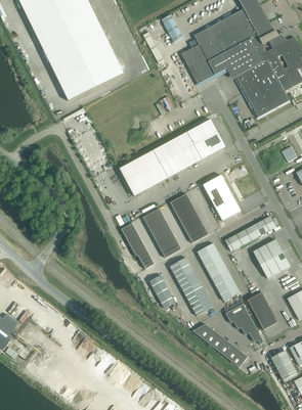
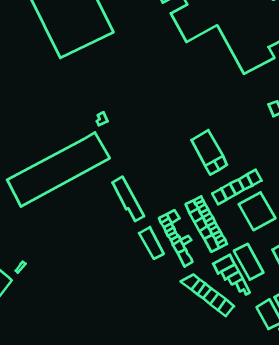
building: [120,119,226,195] -> [7,132,110,207]
building: [171,192,209,241] -> none
building: [143,208,182,257] -> none

